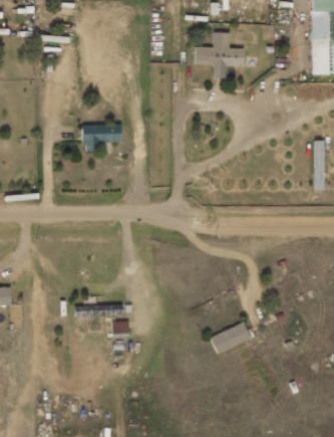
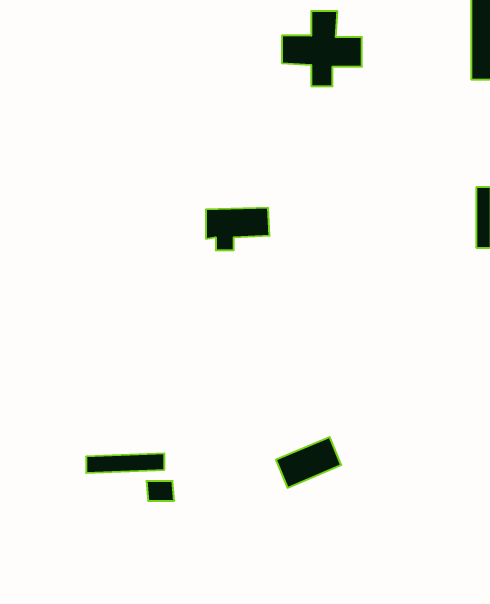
building: [82,125,121,151] -> [206,208,270,250]
building: [210,322,250,354] -> [276,437,341,488]

